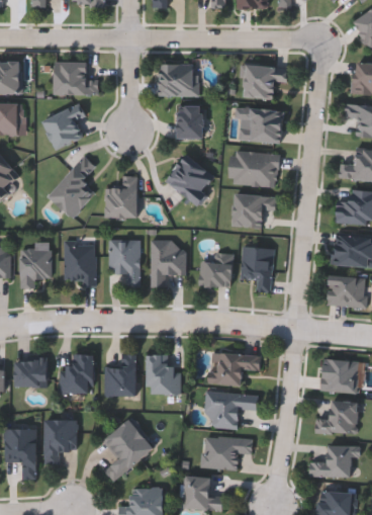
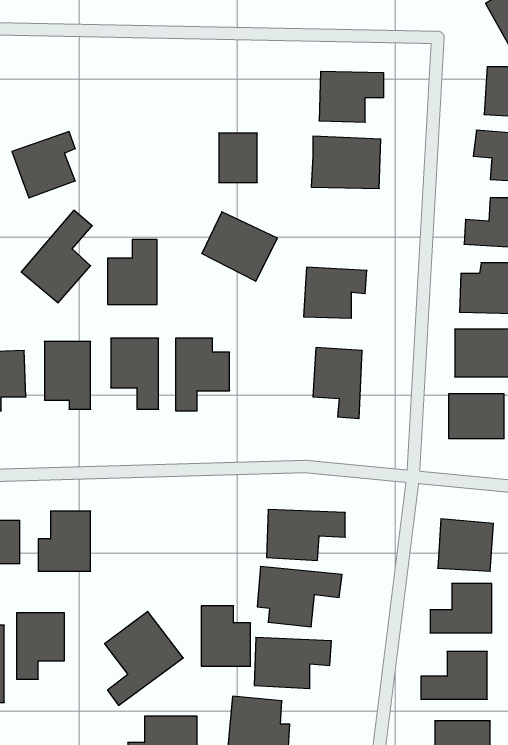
building: [55,62,97,94] -> none
building: [160,63,197,96] -> none
building: [229,151,279,187] -> none
building: [199,253,233,286] -> none
building: [104,354,136,396] -> none
building: [147,354,179,394] -> [201,606,251,666]

